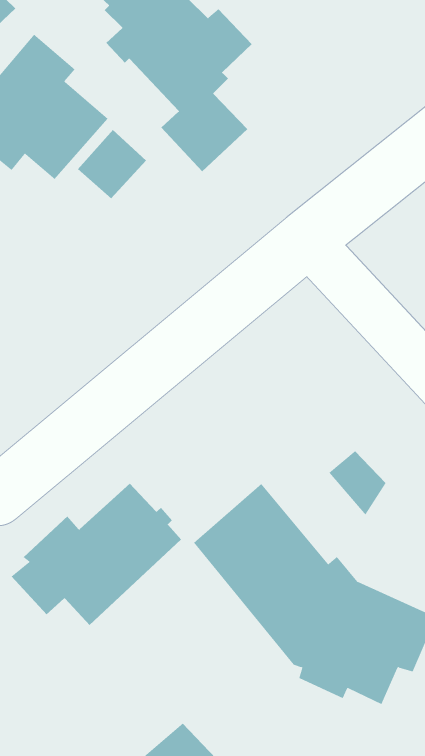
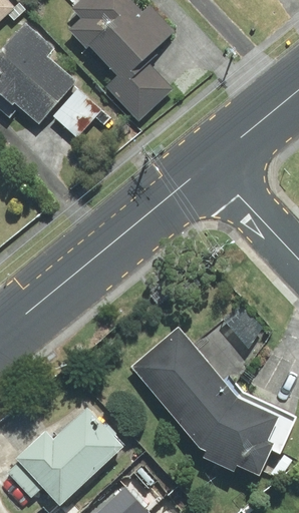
building: [11,483,182,626] -> [7,409,122,505]

